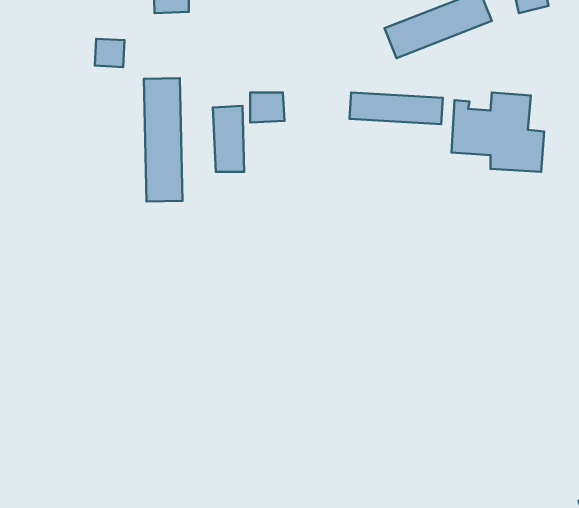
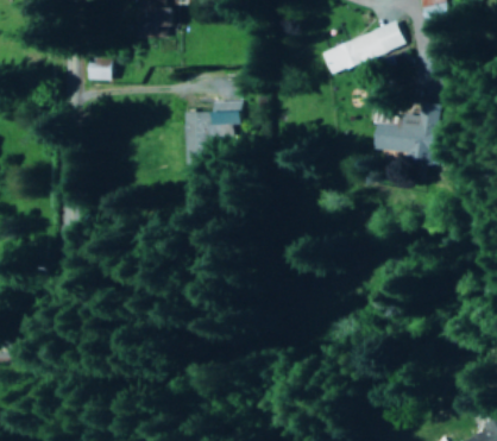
building: [144,78,182,201] -> none
building: [349,92,443,124] -> none

